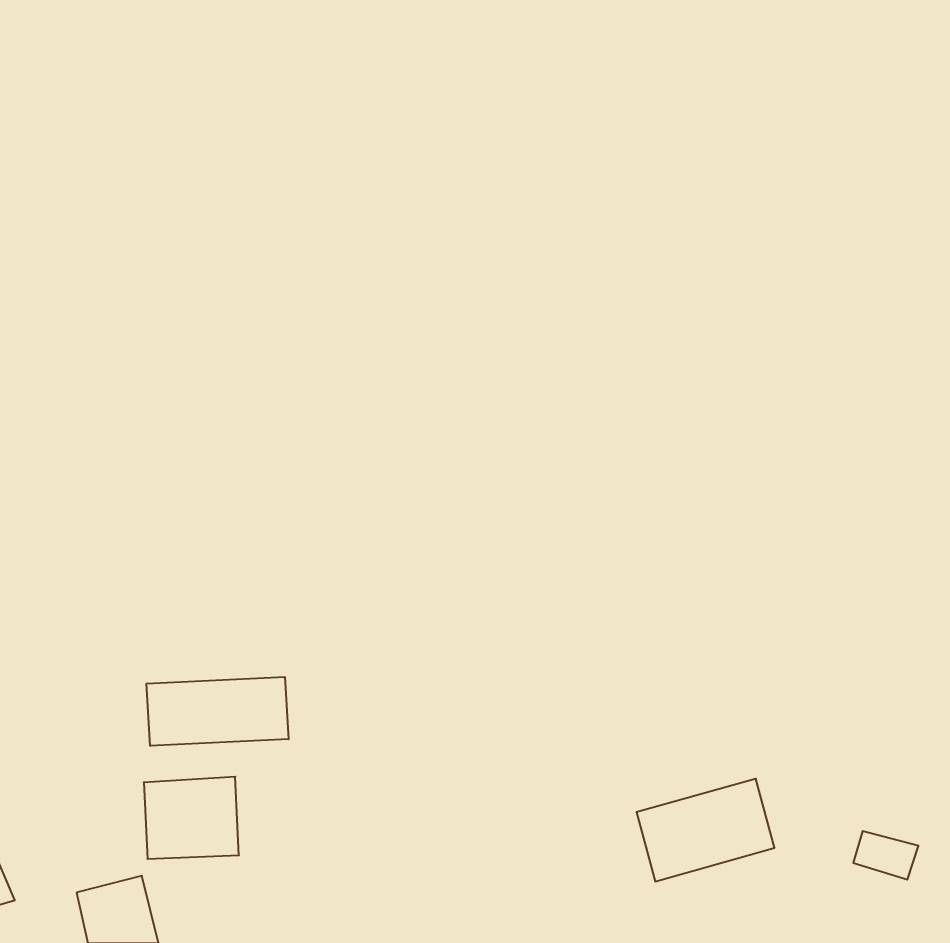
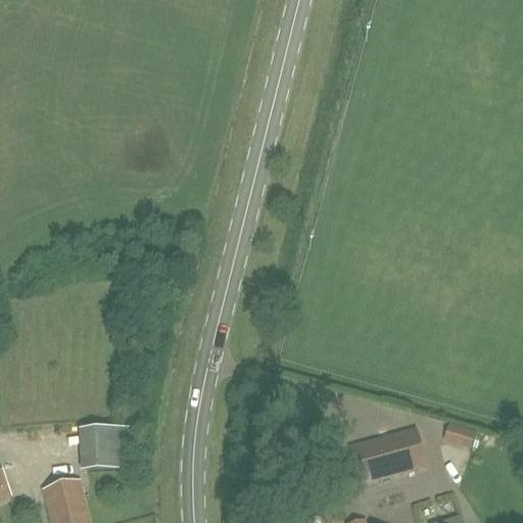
building: [146,677,289,746] -> none
building: [853,831,919,880] -> [440,420,476,446]

